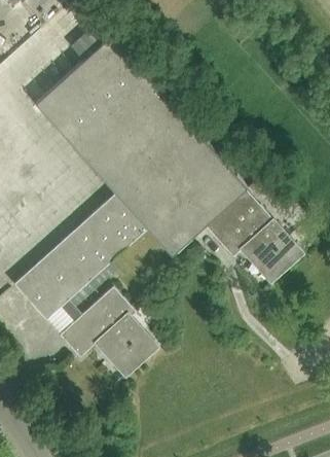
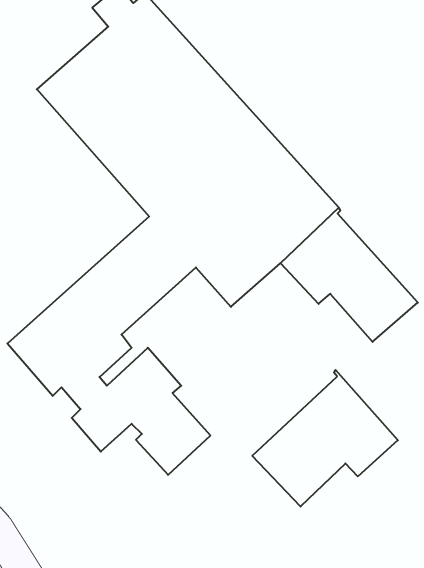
building: none -> [252,370,398,507]

